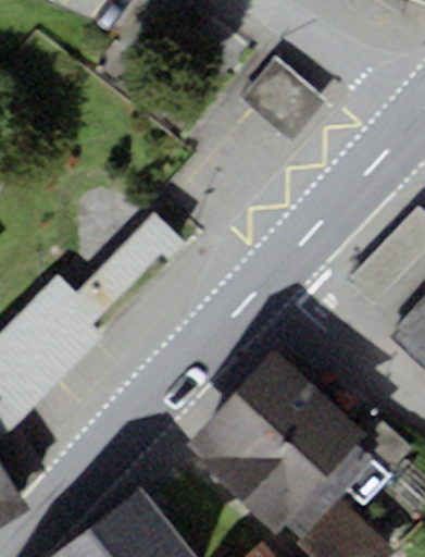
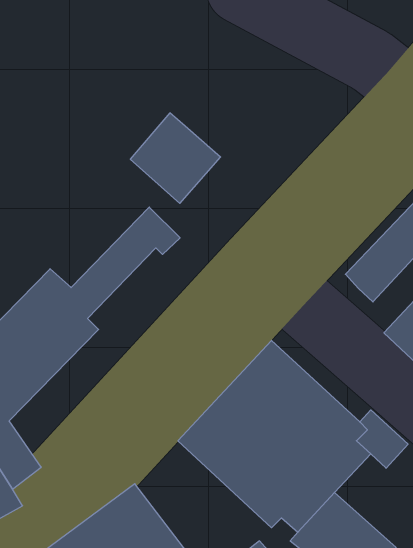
building: [238,53,327,143] -> [130,113,221,203]

